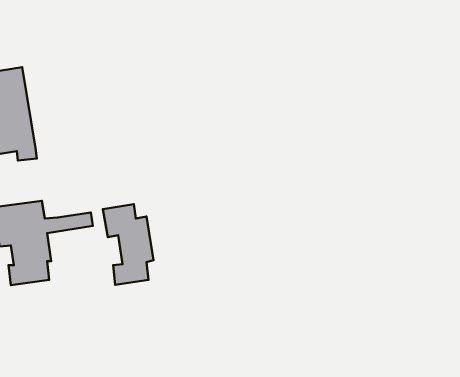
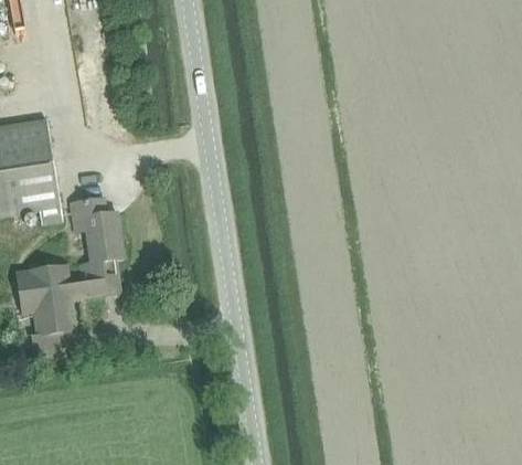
building: [103,204,154,285] -> [70,194,124,281]

